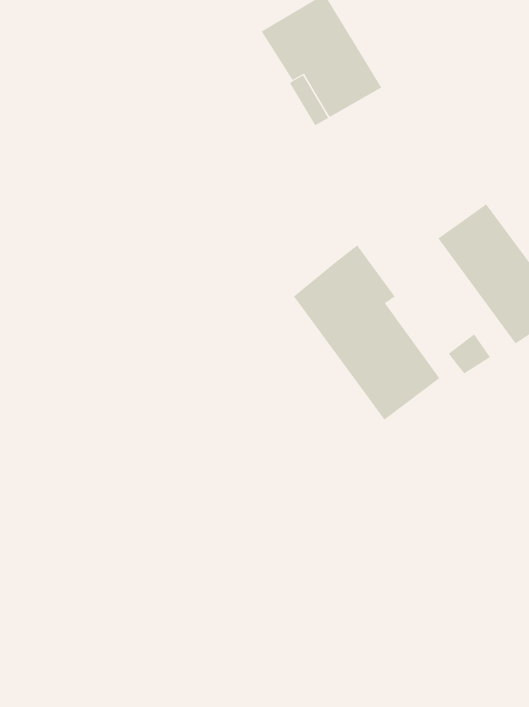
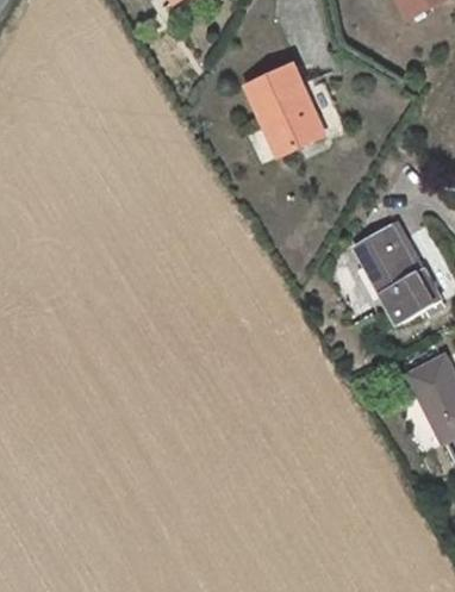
building: [293,245,440,421] -> none

